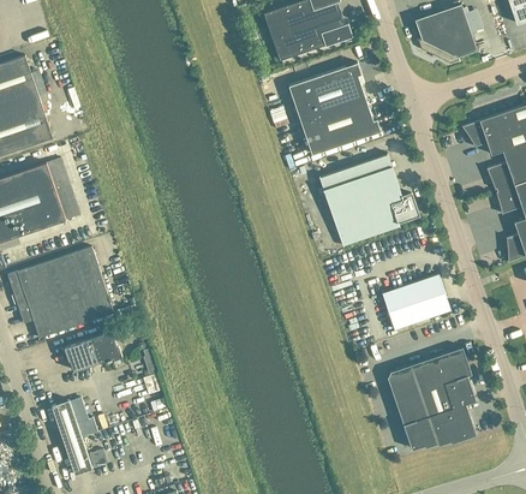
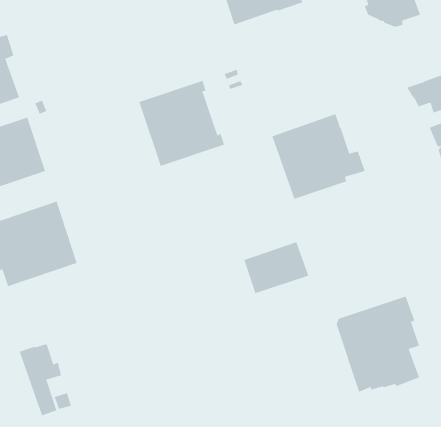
building: [288,63,379,154] -> [139,80,225,166]
building: [381,274,450,329] -> [244,242,309,294]
building: [64,329,121,370] -> none

